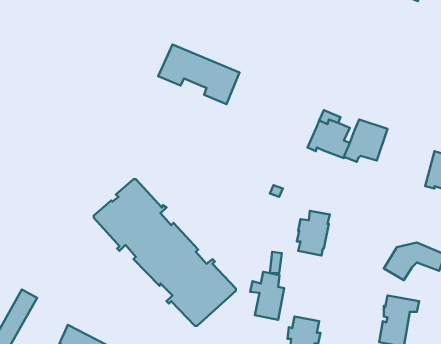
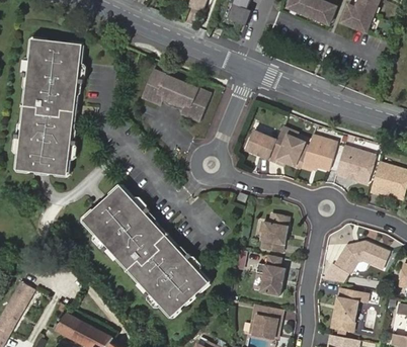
building: none -> [18,40,81,175]
building: none -> [244,133,276,160]
building: none -> [335,147,375,184]
building: [250,272,284,320] -> [255,255,284,296]

